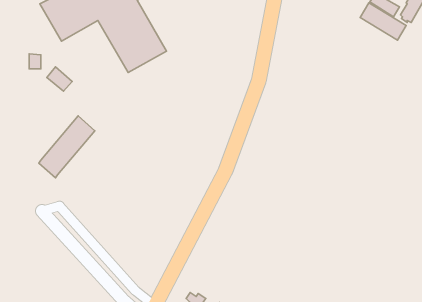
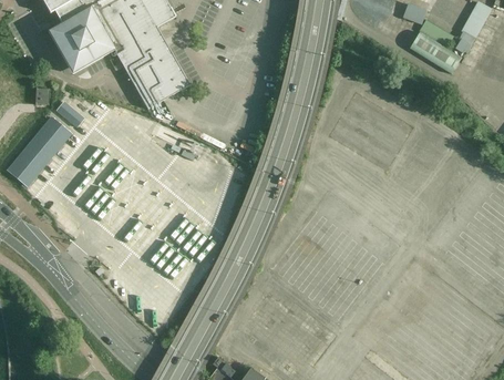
building: [39,116,95,178] -> [9,115,72,185]

